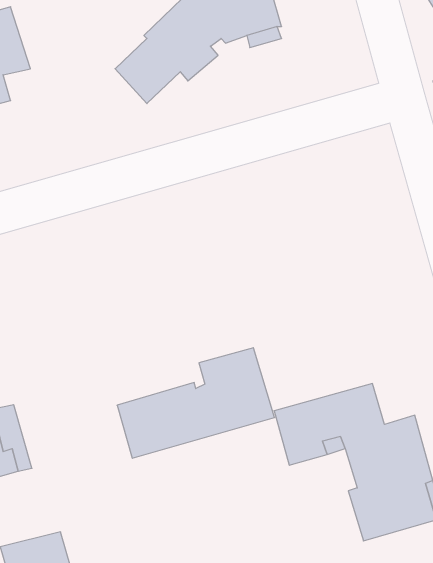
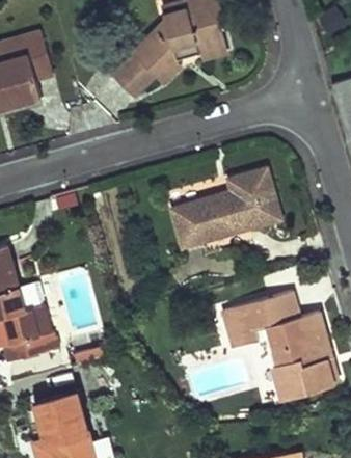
building: [117,348,275,458] -> [171,170,279,246]

